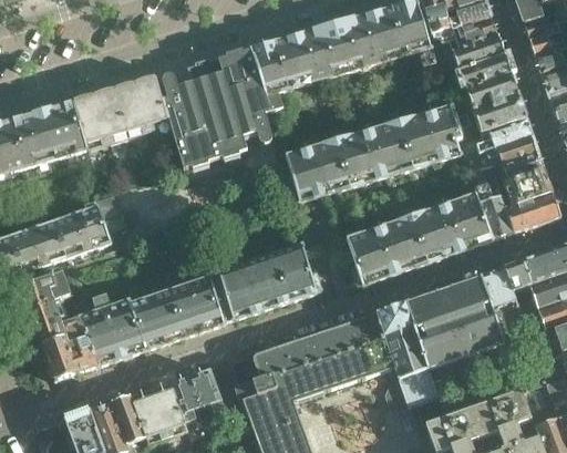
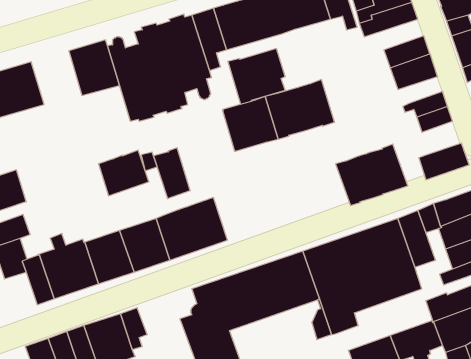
building: [444,51,511,91] -> none
building: [72,86,128,148] -> none
building: [396,104,461,166] -> [228,49,285,104]
building: [477,115,532,151] -> none
building: [501,165,553,204] -> none
building: [471,167,513,237] -> none
building: [55,204,112,255] -> [98,150,149,196]
building: [347,213,429,282] -> none
building: [276,241,317,298] -> [154,148,190,199]
building: [42,333,79,378] -> none
building: [190,367,225,410] -> none

